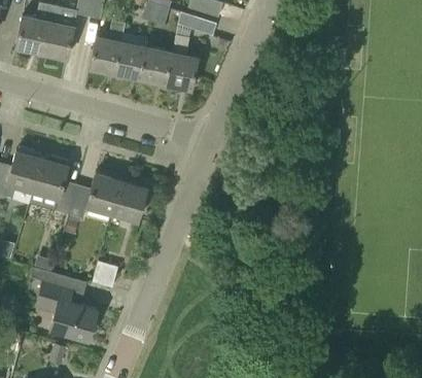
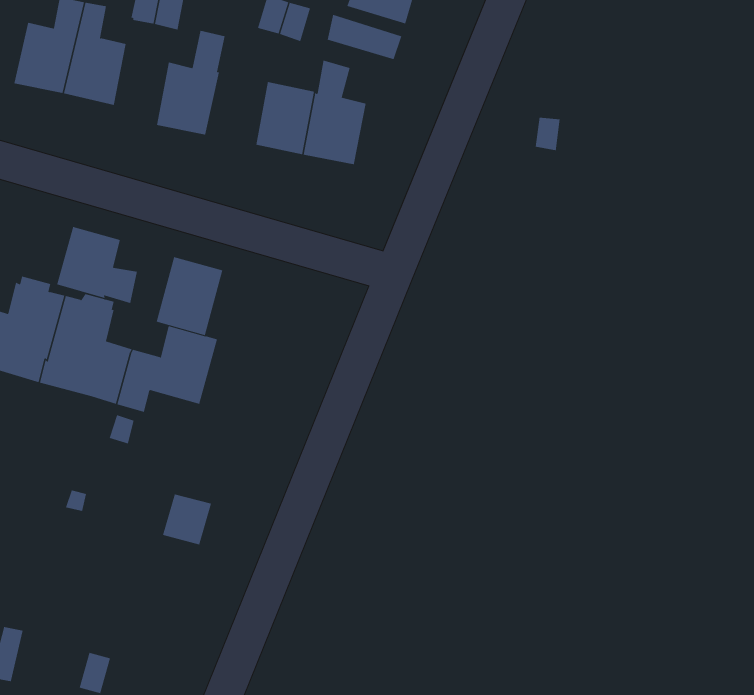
building: [115,41,147,79] -> none
building: none -> [56,226,138,304]
building: [112,180,147,221] -> [156,256,223,336]
building: [36,280,98,340] -> none

